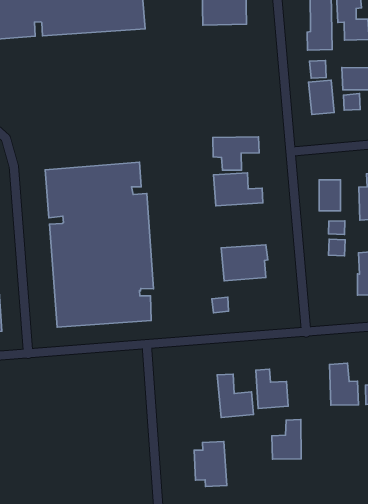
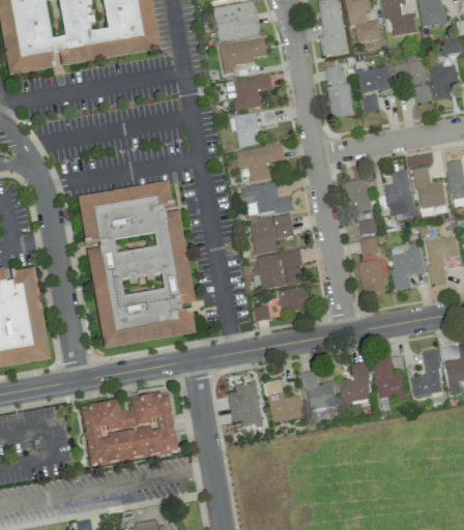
building: none -> [220,37,267,73]
building: none -> [232,72,272,109]
building: none -> [234,108,278,146]
building: none -> [250,213,294,253]
building: none -> [359,259,384,293]
building: none -> [280,286,309,311]
building: none -> [81,391,178,466]
building: [272,420,301,459] -> [340,360,371,402]
building: [194,441,227,486] -> [228,381,263,426]

